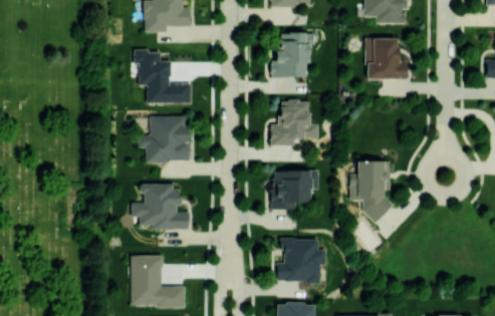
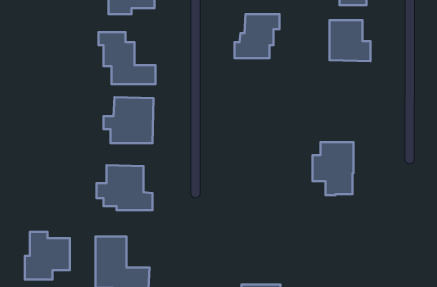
building: [271,100,319,145] -> none
building: [272,170,312,210] -> none
building: [278,238,326,282] -> none
building: none -> [25,232,70,280]

